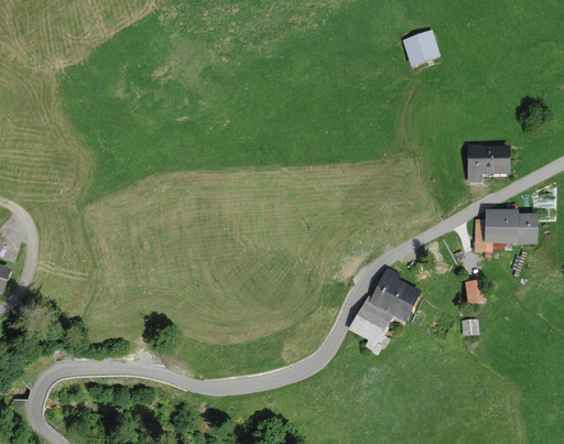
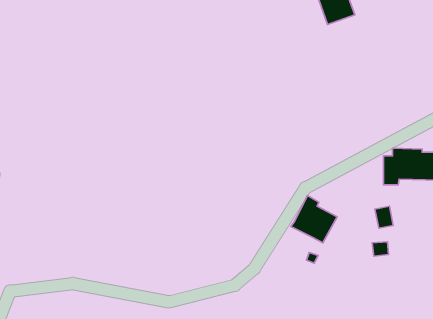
building: [466,145,511,183] -> none
building: [349,293,392,354] -> none

